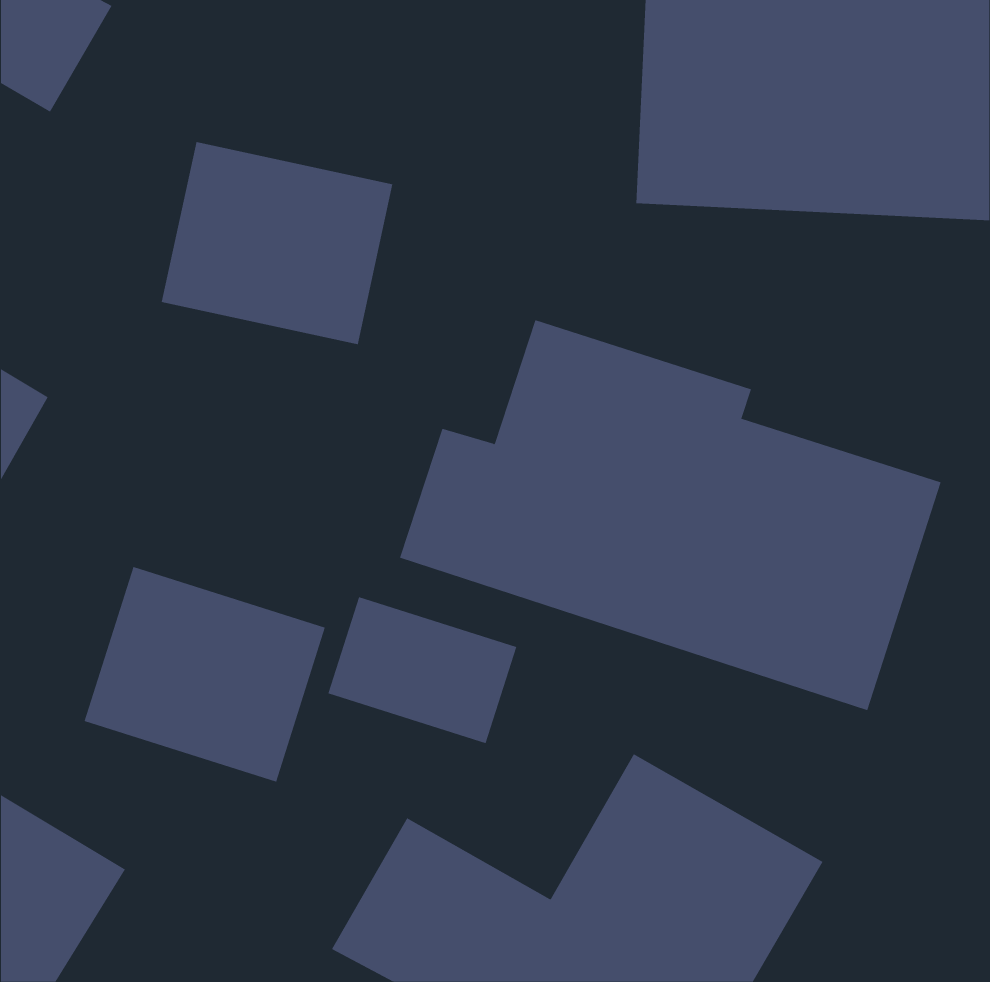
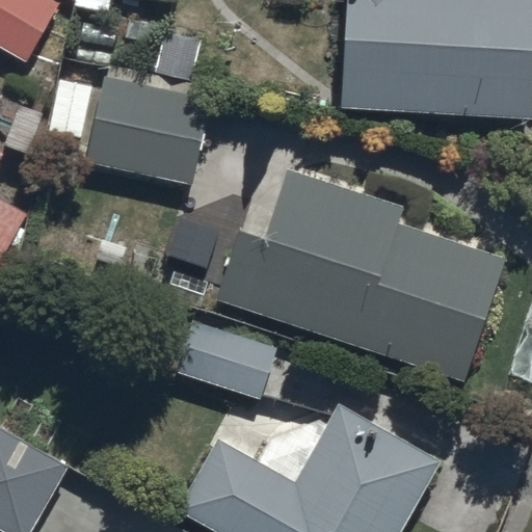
building: [84,566,325,782] -> none

